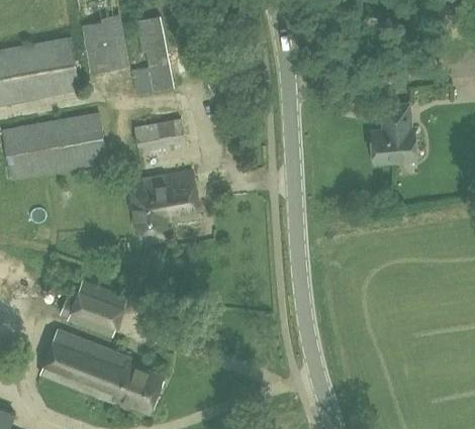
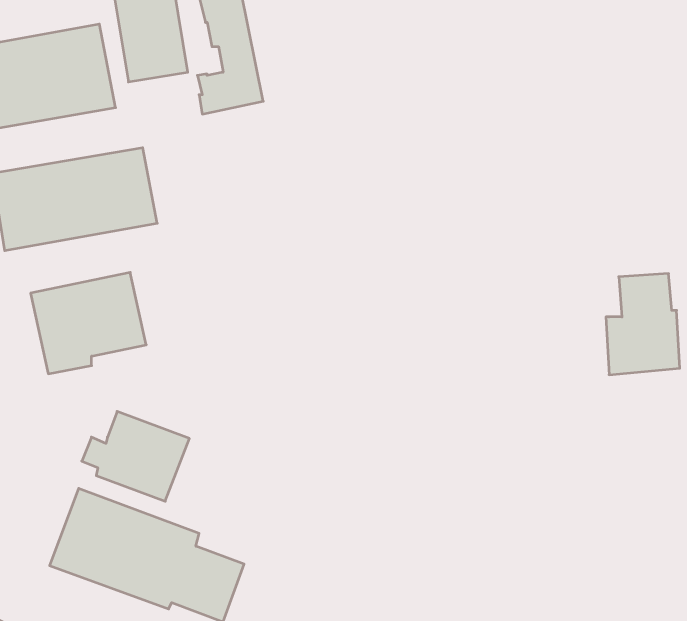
building: [371,100,417,164] -> [606,274,680,375]
building: [134,118,185,153] -> none
building: [128,170,201,233] -> [31,272,146,374]

